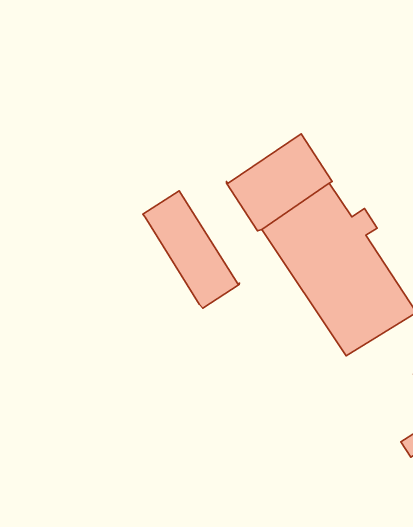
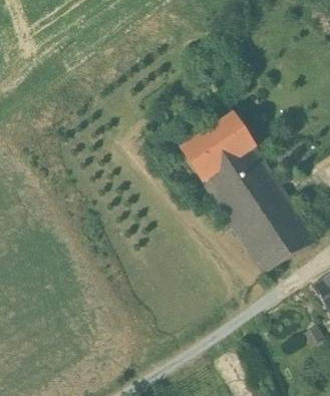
building: [143,191,239,308] -> none

